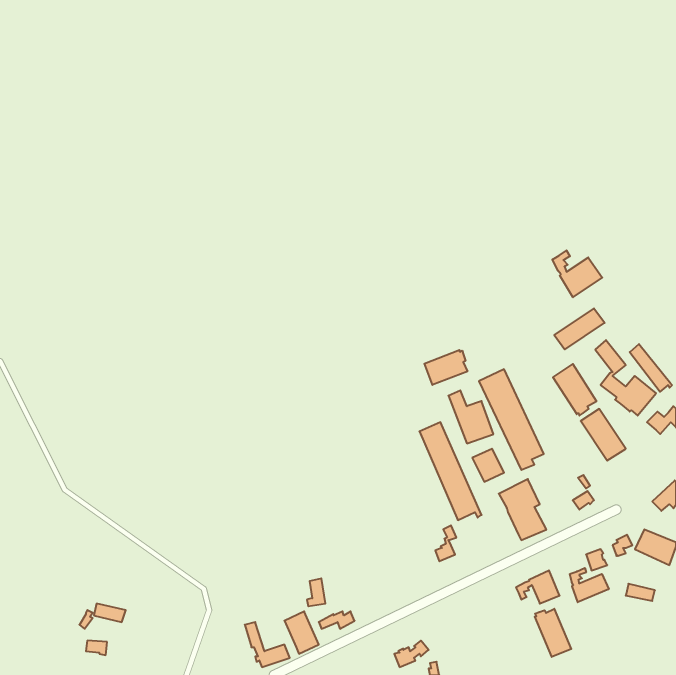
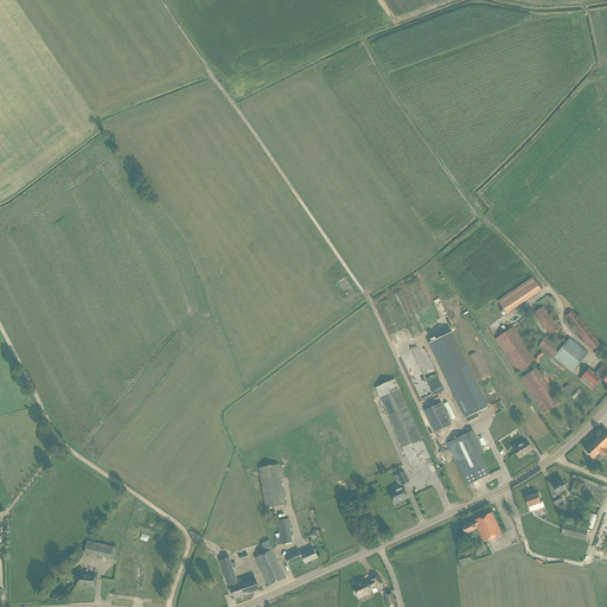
building: [552,250,602,297] -> none
building: [424,350,467,385] -> none
building: none -> [258,464,286,507]
building: [570,568,609,602] -> none
building: [535,609,571,657] -> none

